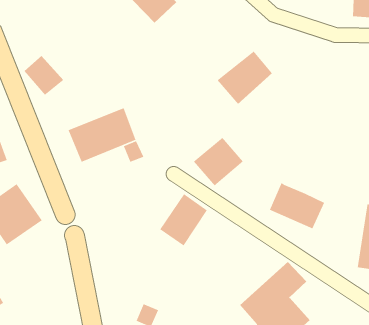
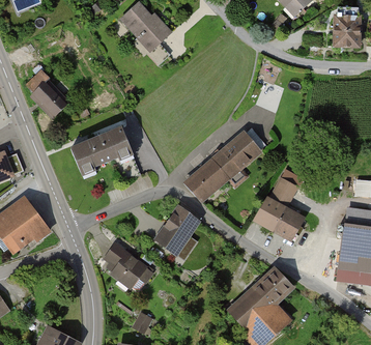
building: [216,51,273,105] -> [211,128,263,178]
building: none -> [268,178,297,207]
building: none -> [99,236,158,289]

